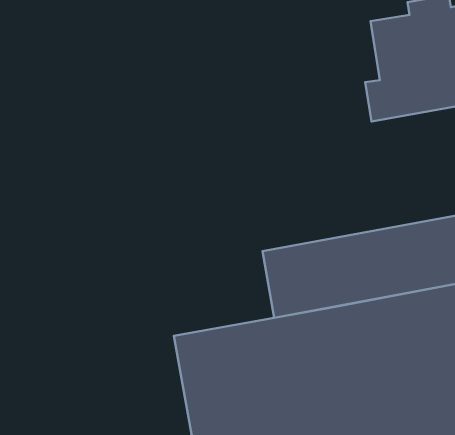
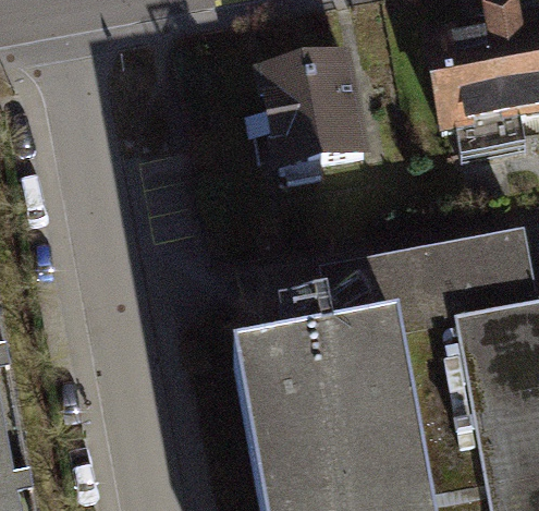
building: none -> [258,46,375,185]

